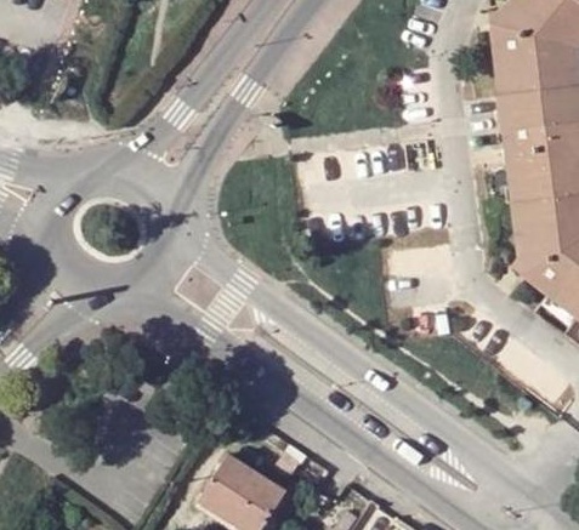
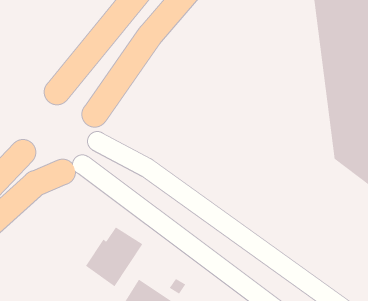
building: none -> [85,226,143,287]

